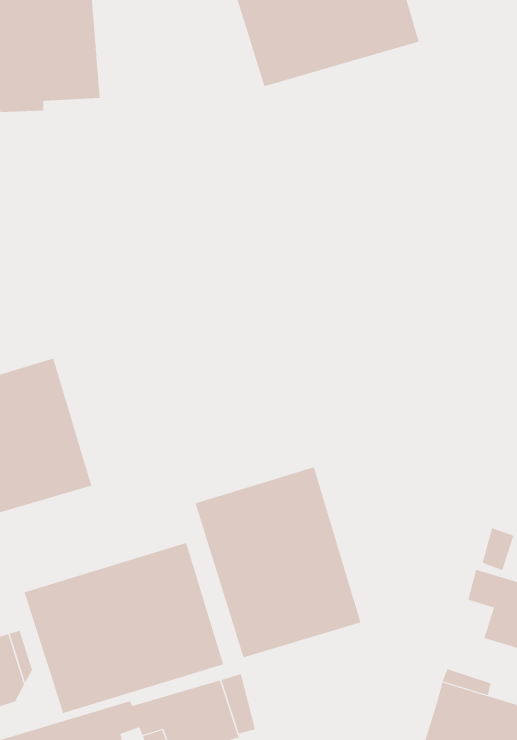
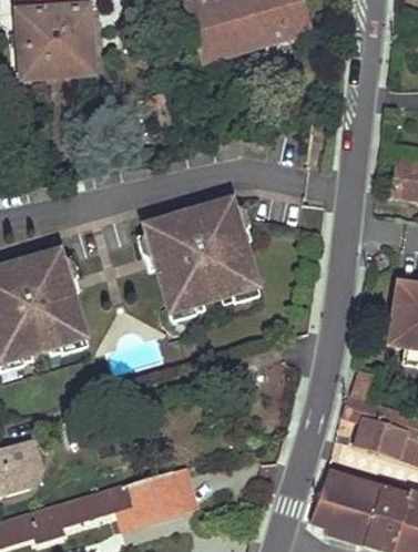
building: none -> [143,198,257,314]
building: [195,467,361,658] -> none
building: [24,542,224,714] -> none

